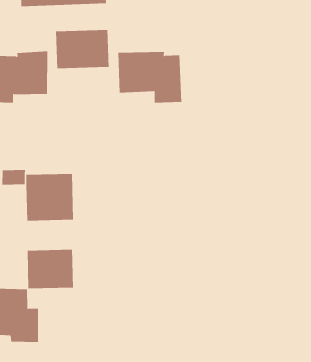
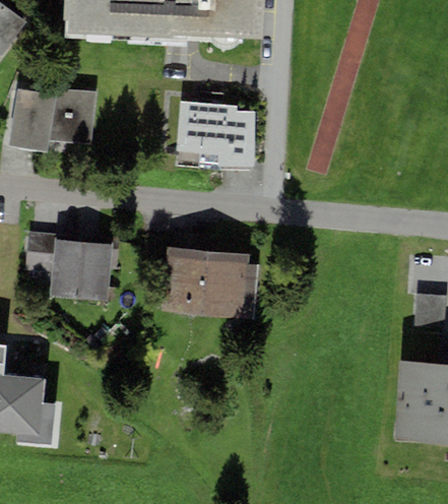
building: [55,29,109,69] -> none
building: none -> [161,246,258,319]
building: [27,249,73,289] -> none

